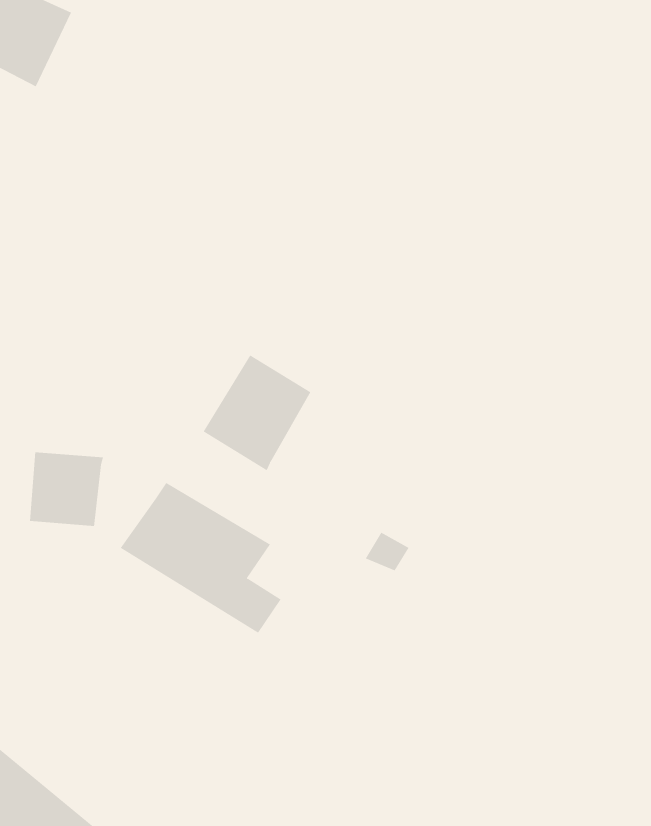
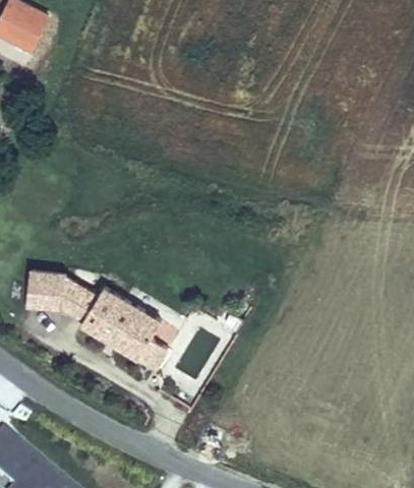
building: [203,355,311,471] -> none
building: none -> [62,274,97,322]

